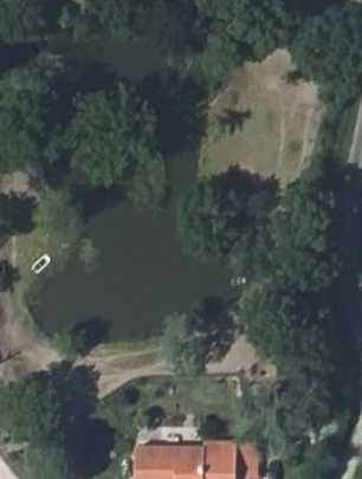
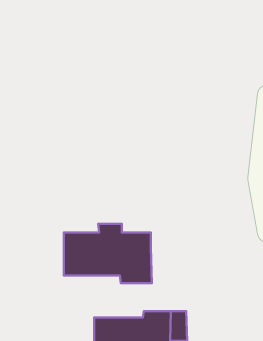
building: none -> [64,224,152,283]

